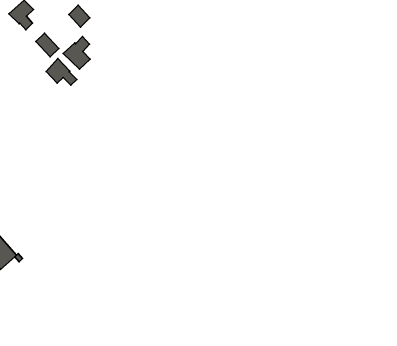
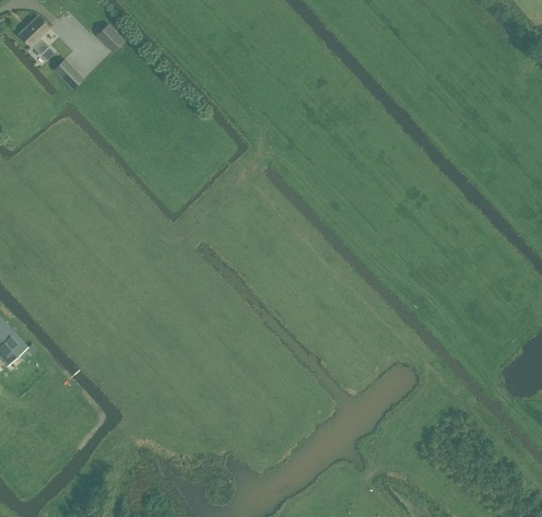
building: [63,37,90,69] -> none
building: [46,59,77,85] -> none

